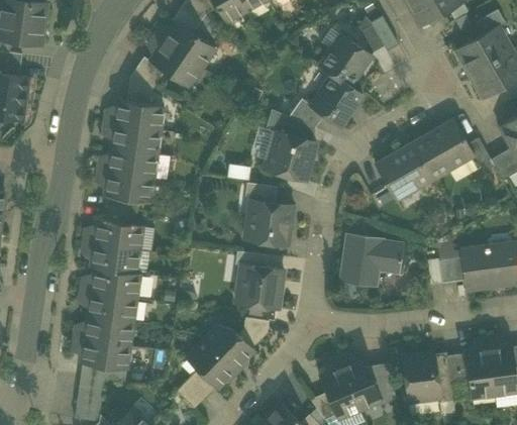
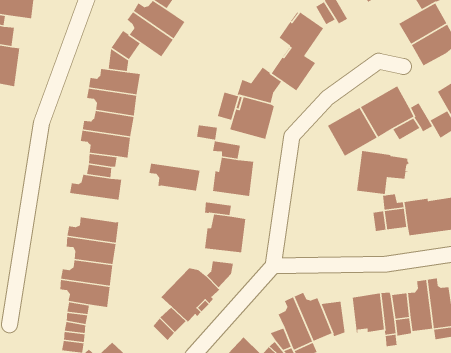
building: [342,236,403,287] -> [356,150,410,195]
building: [82,242,140,275] -> [149,163,200,191]

